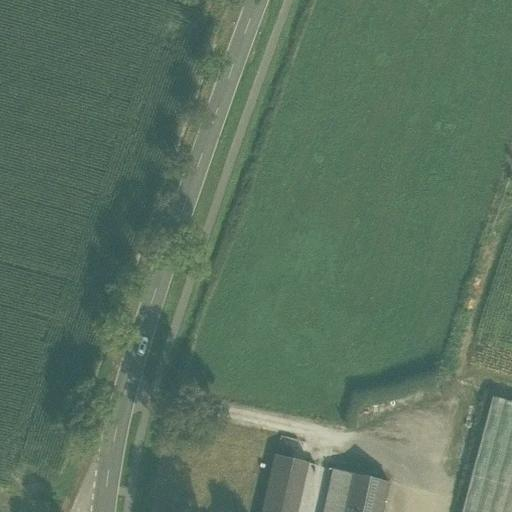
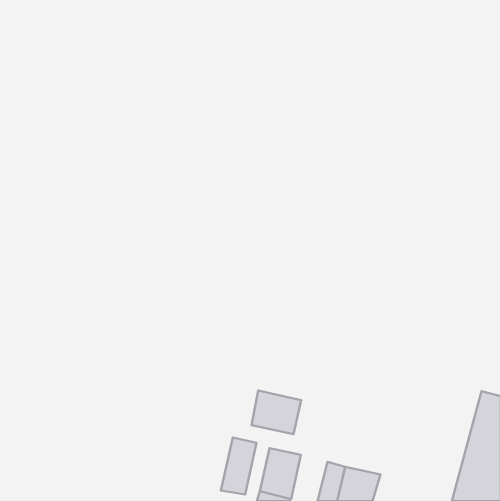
building: none -> [251,390,301,434]
building: none -> [221,437,256,495]

